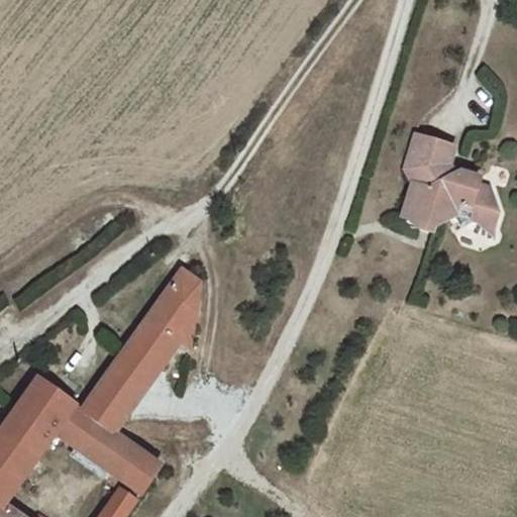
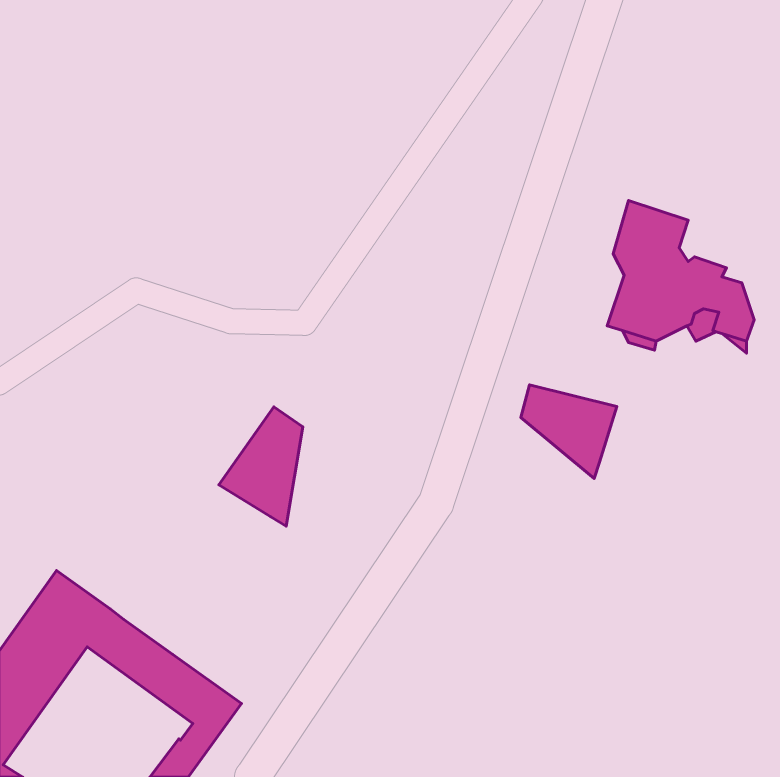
building: none -> [521,385,617,478]
building: [82,320,179,432] -> none

